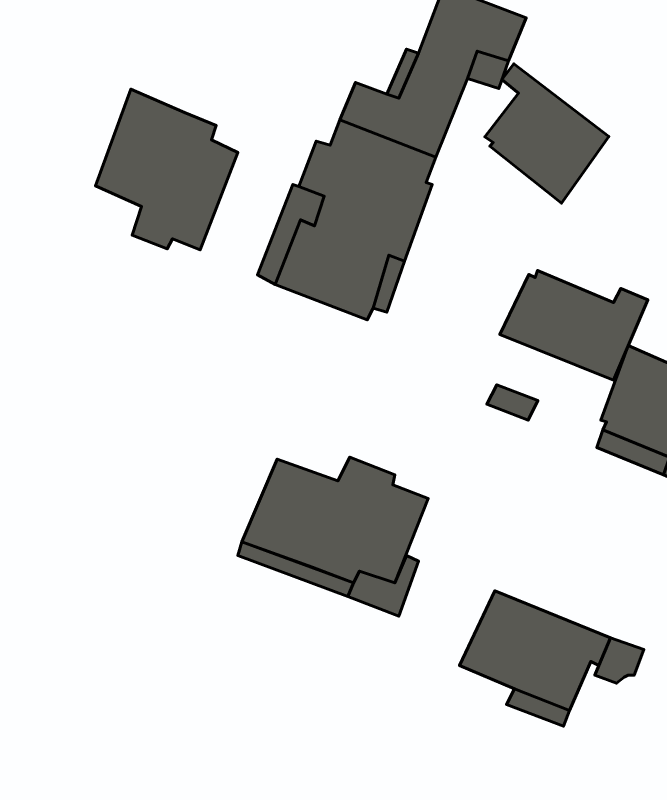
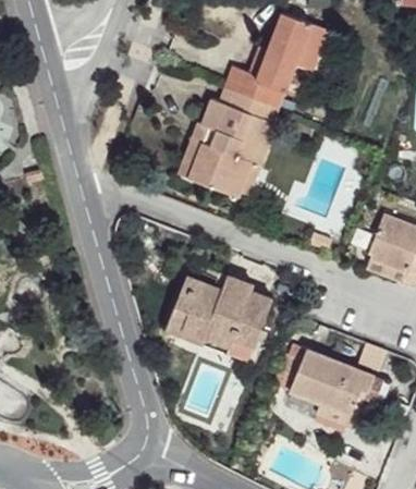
building: [485,64,609,203] -> none
building: [95,89,238,250] -> none
building: [500,270,648,380] -> none

